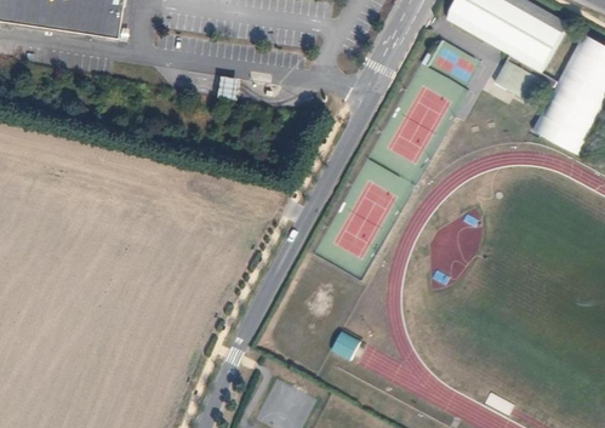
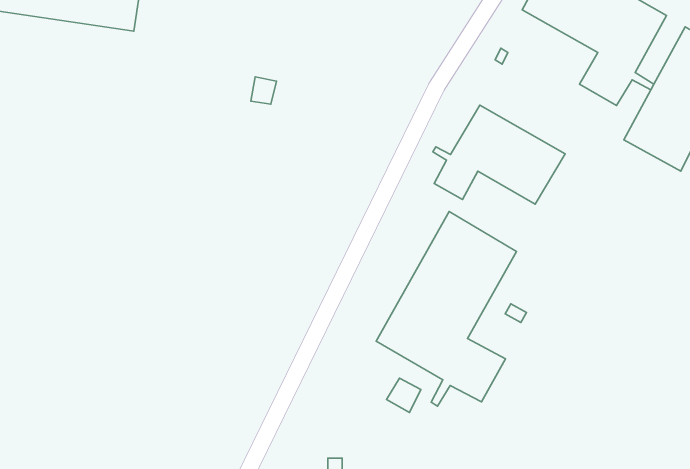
building: none -> [433,105,565,204]
building: none -> [376,211,517,406]

